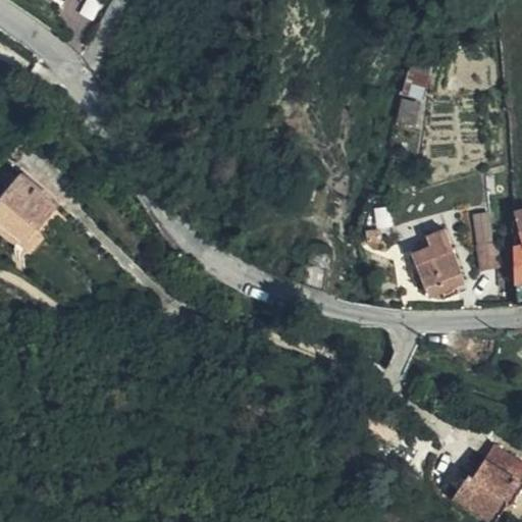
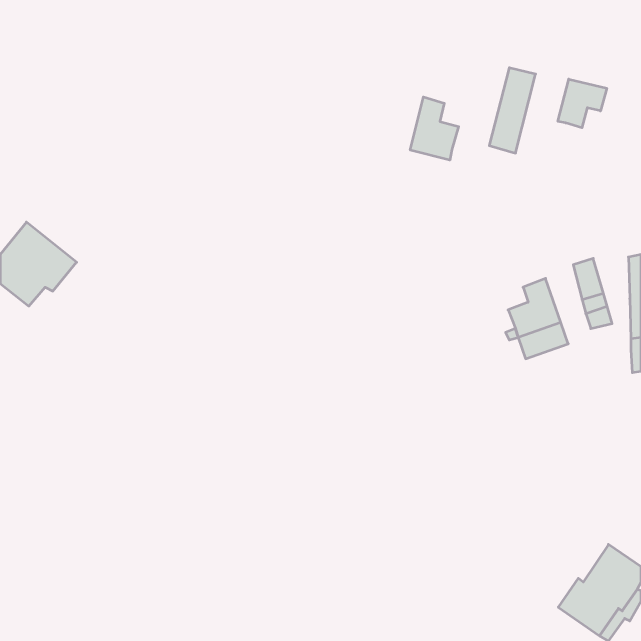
building: none -> [558,79,607,128]
building: none -> [410,97,459,160]

